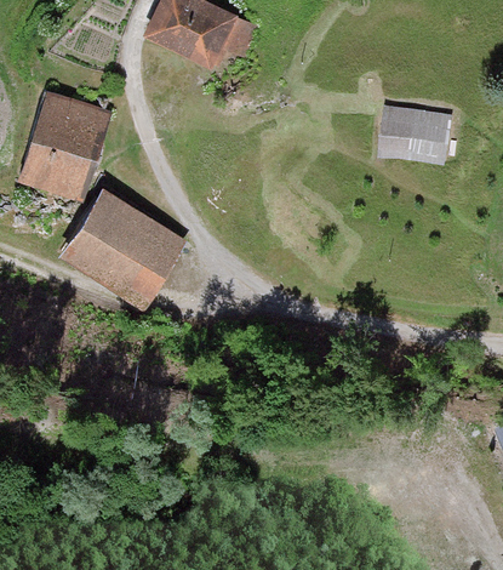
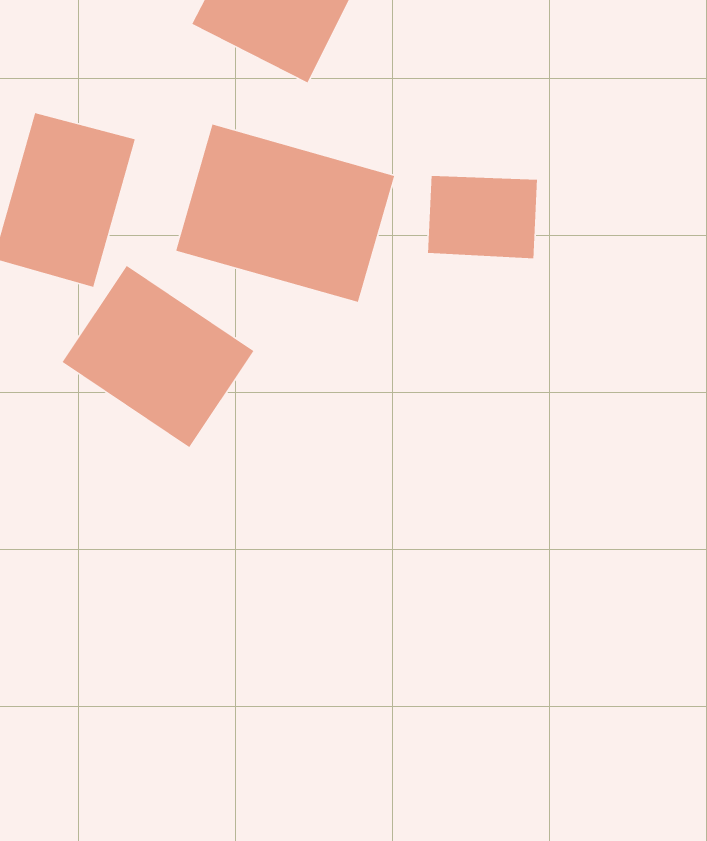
building: none -> [175,124,395,303]
building: [377,109,447,163] -> [427,175,538,259]

